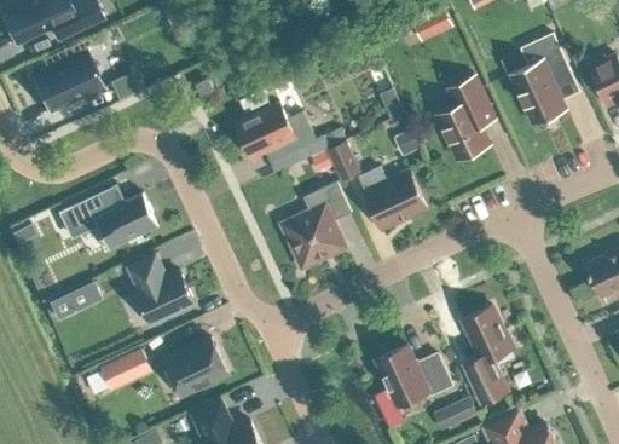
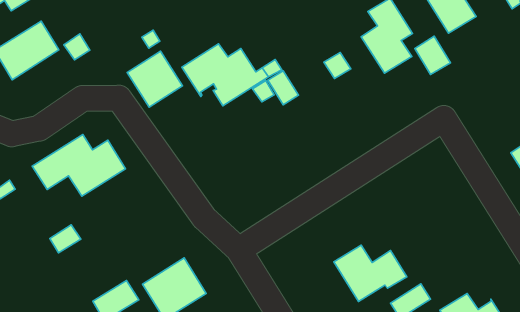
building: none -> [127,51,182,107]
building: none -> [415,36,451,75]
building: [359,167,427,231] -> none
building: [280,181,351,269] -> none
building: [126,254,195,324] -> none
building: [462,305,515,404] -> none

